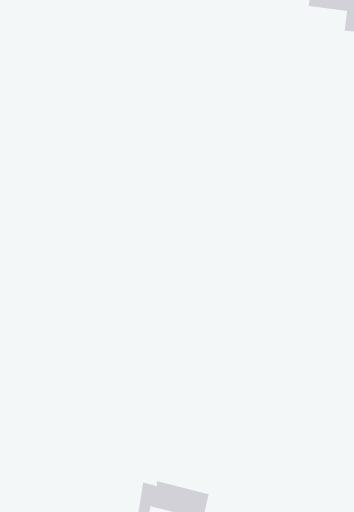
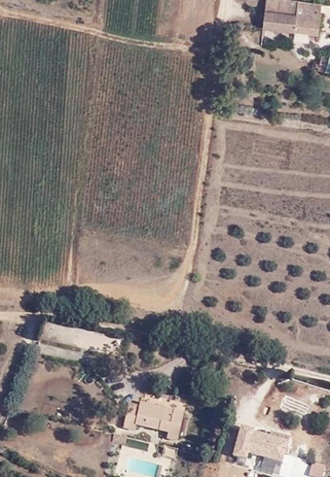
building: none -> [264,9,297,30]

